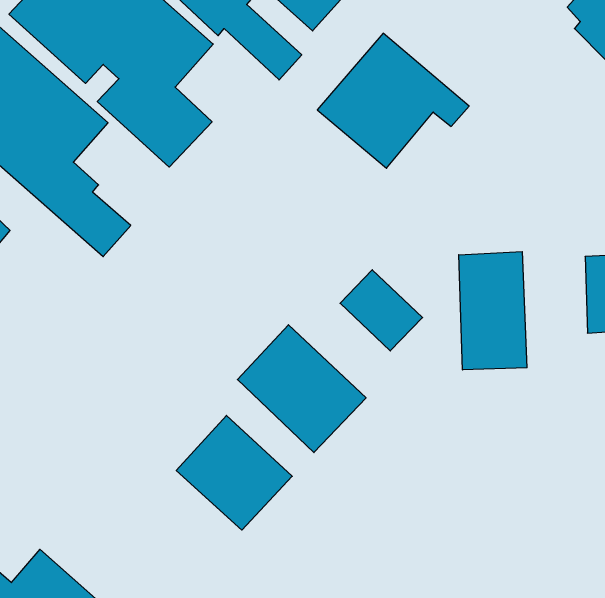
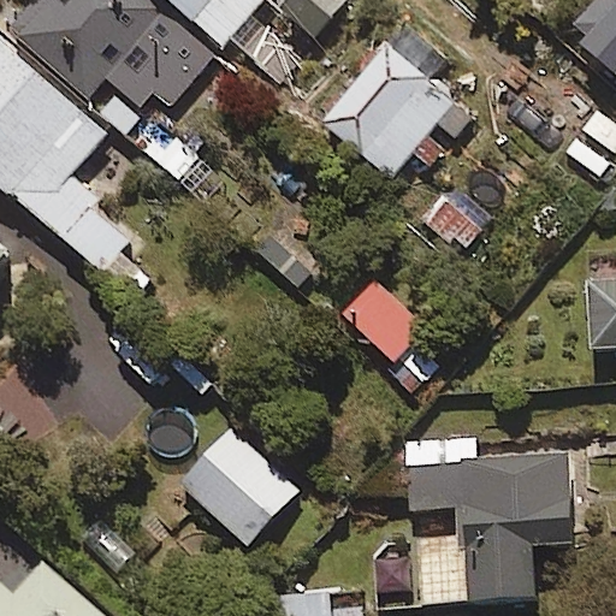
building: [459,252,527,370] -> none
building: [237,325,366,453] -> none
building: none -> [371,442,573,605]

